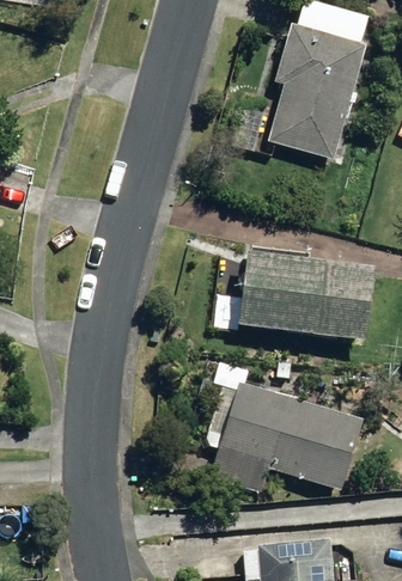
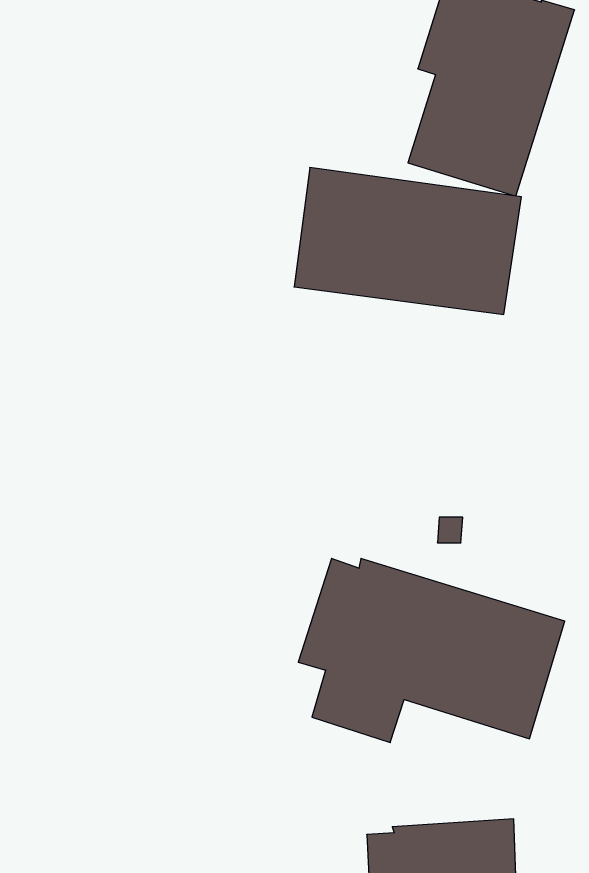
building: [236,252,374,342] -> [294,168,521,314]

